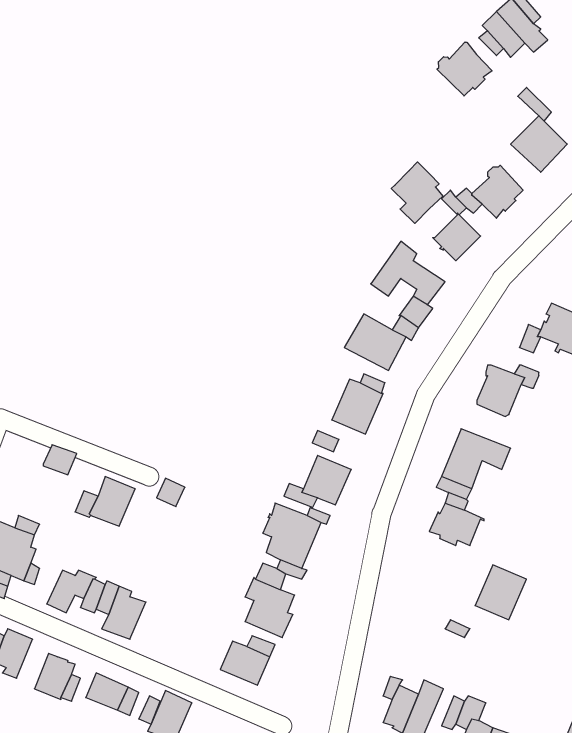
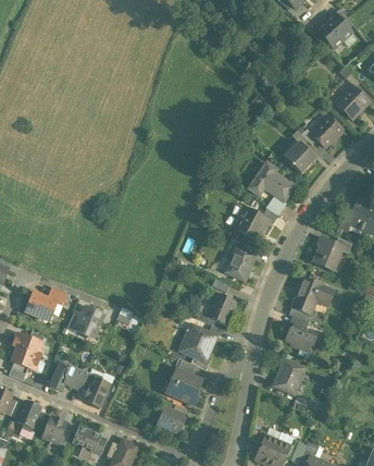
building: [437,42,492,96] -> none
building: [391,162,443,223] -> none
building: none -> [25,291,62,316]
building: [475,565,526,620] -> [273,359,304,393]

